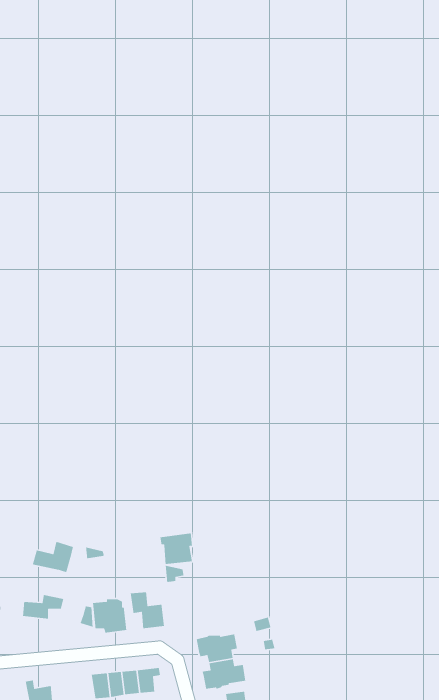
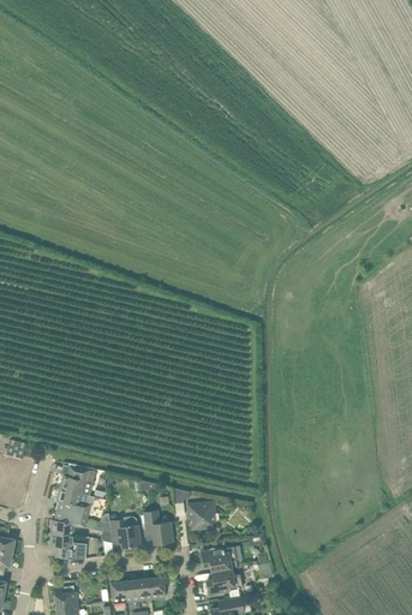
building: [159,533,193,565] -> [186,501,215,529]
building: none -> [56,488,90,517]
building: none -> [49,532,85,560]

